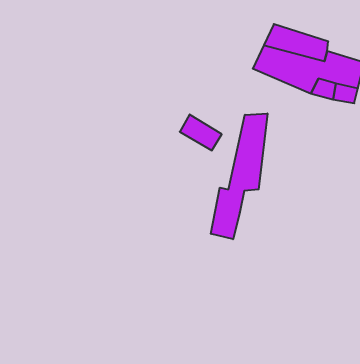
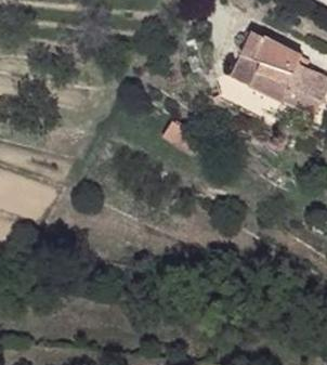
building: [211,113,267,239] -> none

